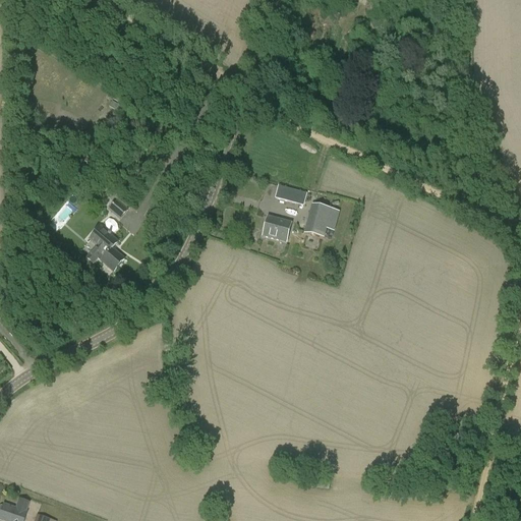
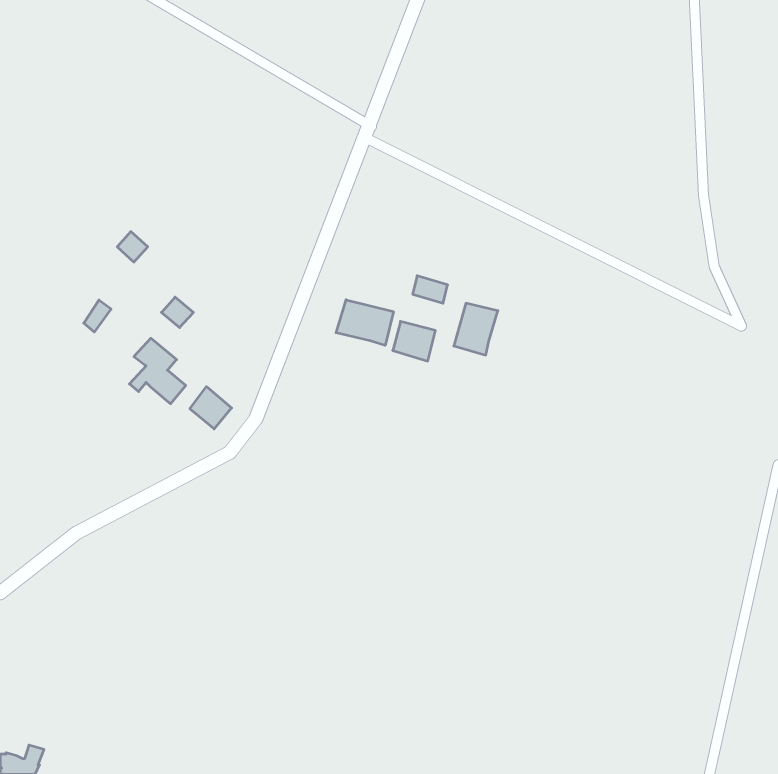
building: none -> [336,300,393,345]
building: none -> [190,387,232,429]

